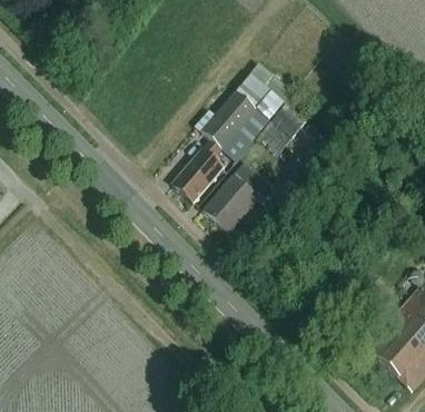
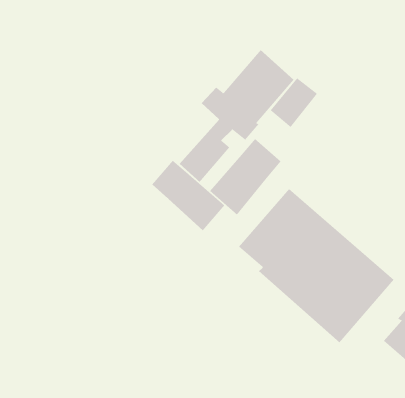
building: none -> [152,160,225,231]
building: none -> [238,188,394,343]

